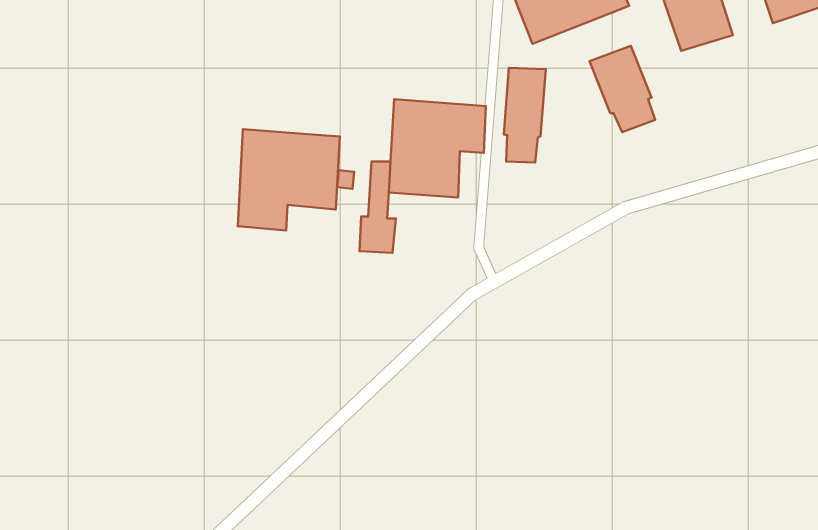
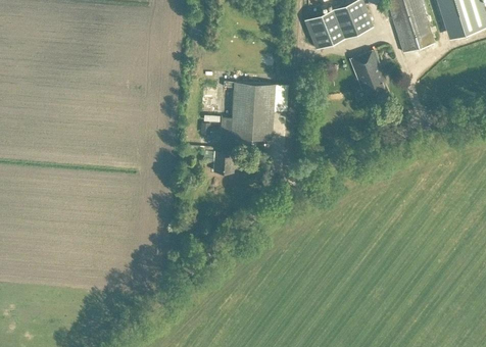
building: [504,68,546,163] -> none
building: [238,129,340,231] -> none

